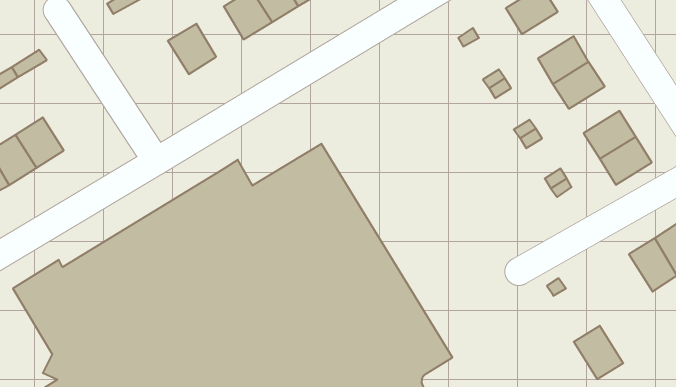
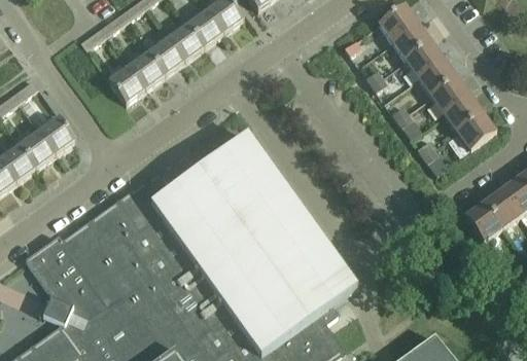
building: none -> [148,36,184,74]
building: none -> [392,23,431,59]
building: none -> [108,65,145,103]
building: none -> [431,76,469,112]
building: none -> [38,114,75,152]
building: [574,326,623,379] -> [465,201,503,241]

